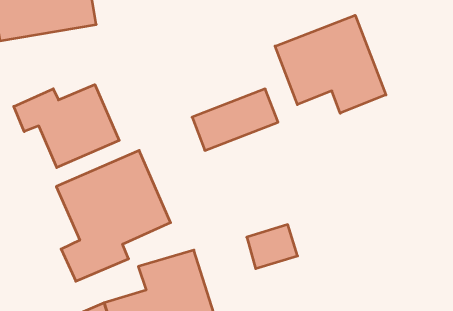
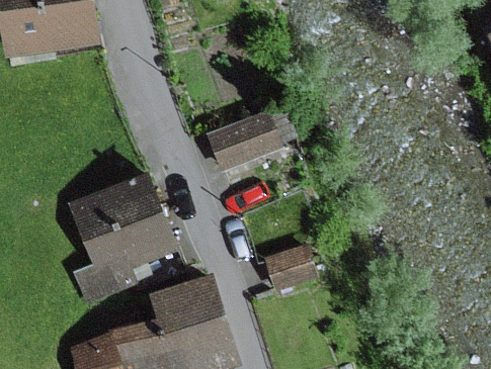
building: [275,15,386,113] -> none
building: [14,85,119,168] -> none

